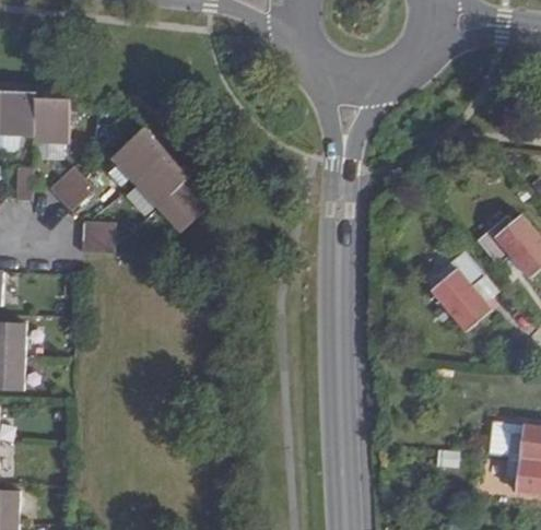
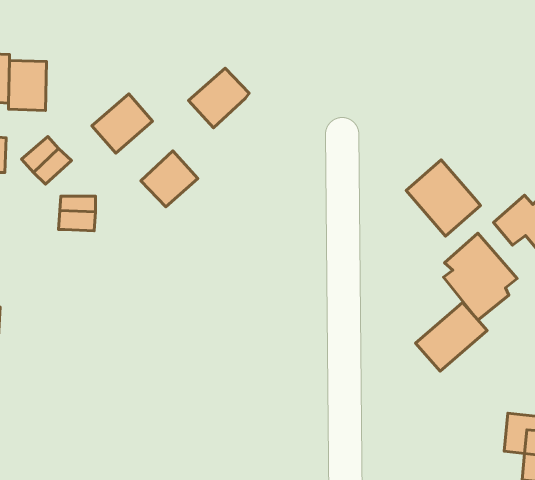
building: [133,153,189,208] -> [188,68,249,128]
building: none -> [406,160,480,236]
building: none -> [416,303,487,371]

